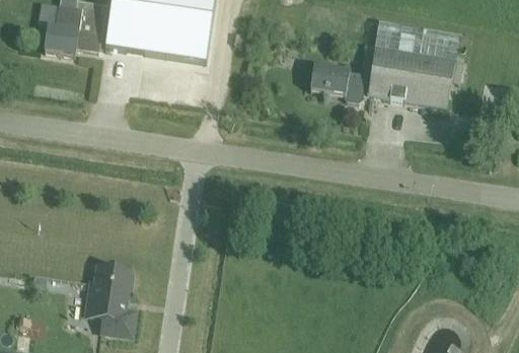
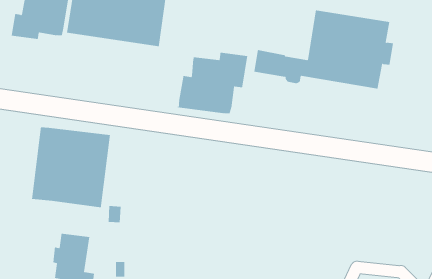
building: none -> [177,52,248,114]
building: none -> [32,126,110,208]

